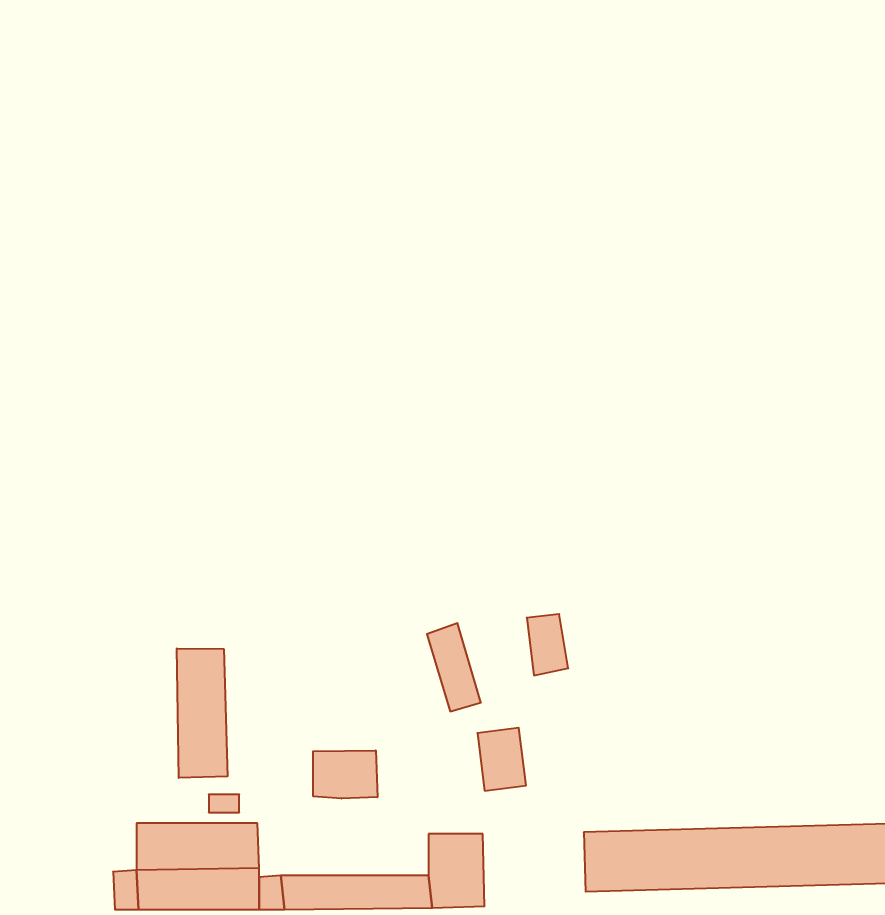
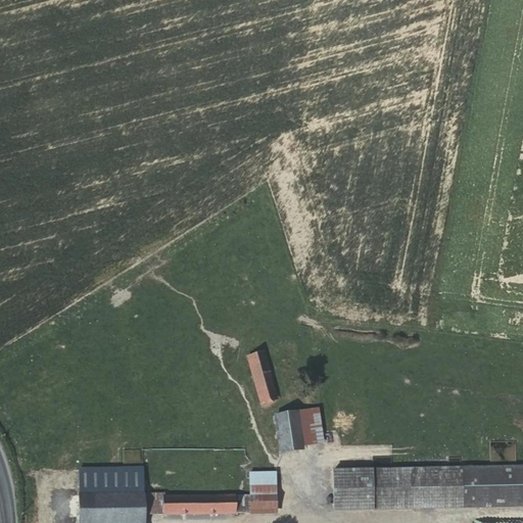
building: [527,614,568,675] -> [298,411,322,445]
building: [177,648,227,778] -> none
building: [313,750,377,799] -> none

